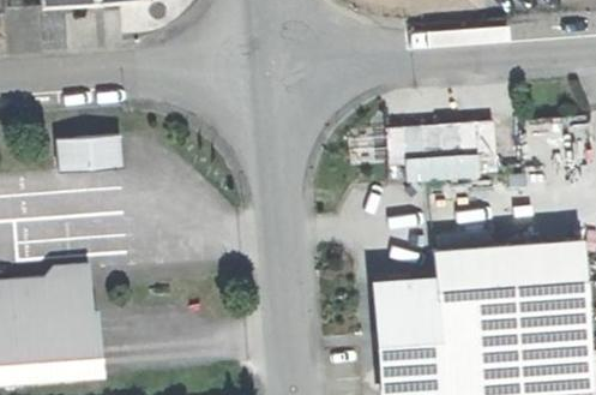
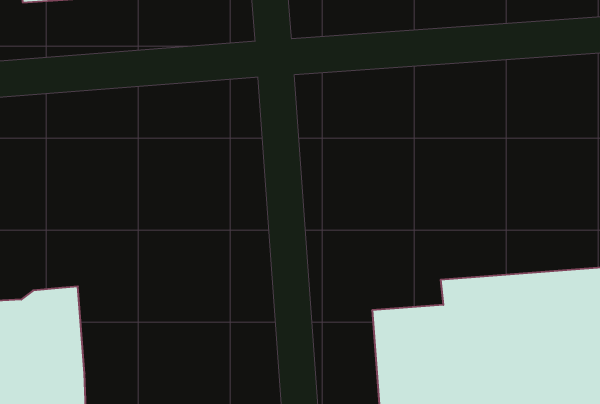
building: [387,119,502,180] -> none
building: [53,137,115,170] -> none

